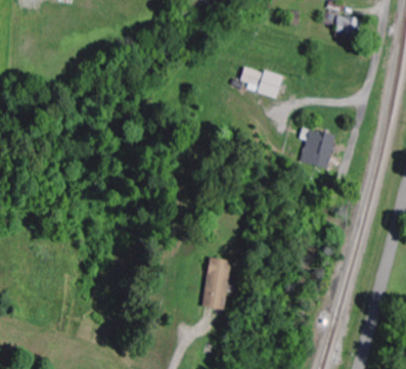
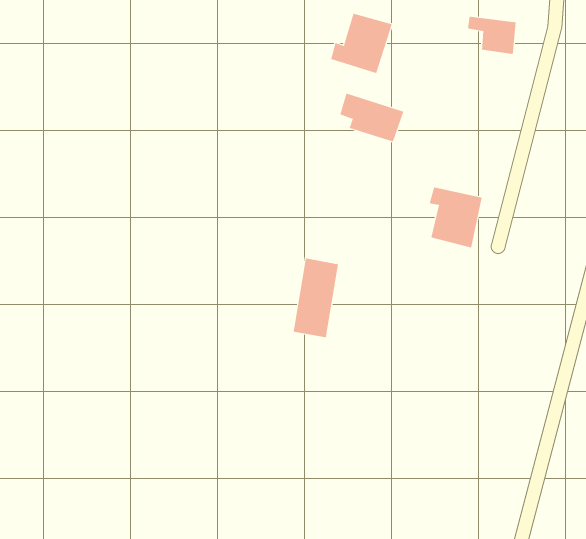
building: none -> [331,13,393,74]
building: [201,258,232,311] -> [293,258,339,338]

